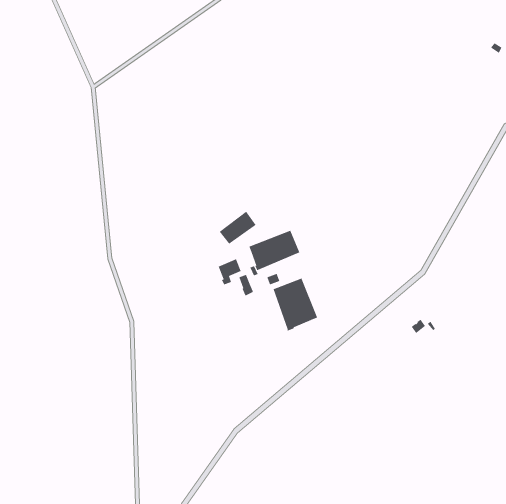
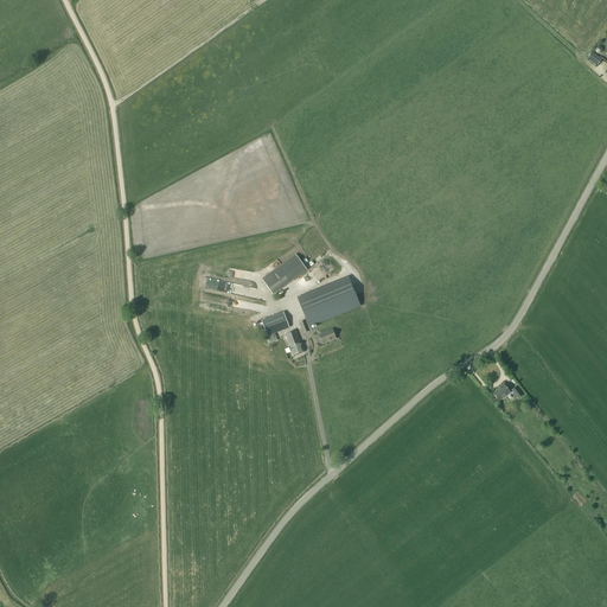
building: [273,277,318,332] -> none

